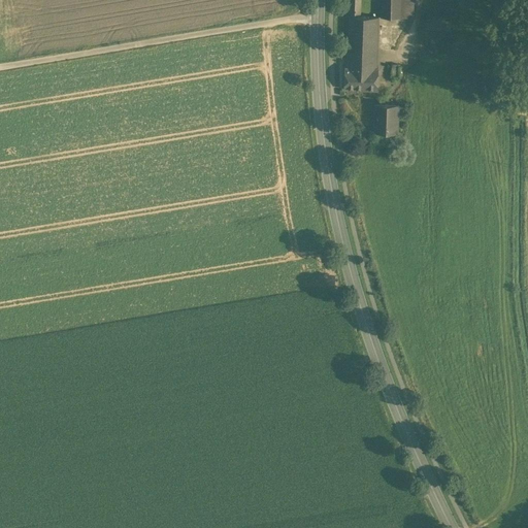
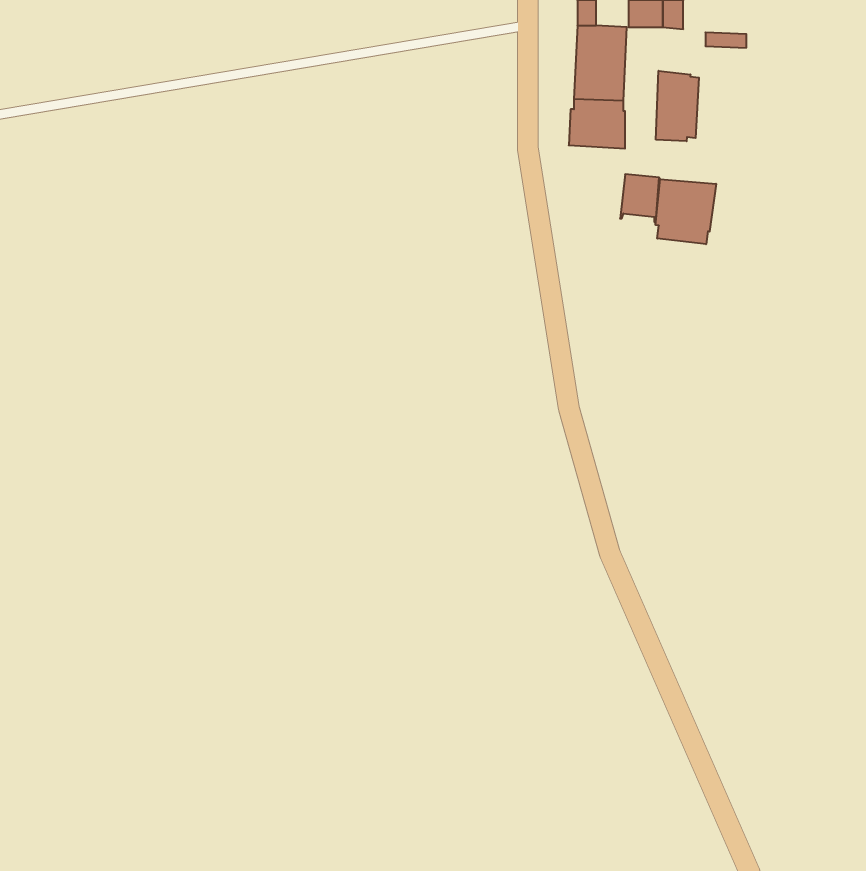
building: none -> [656,71,699,141]
building: none -> [656,179,716,244]

